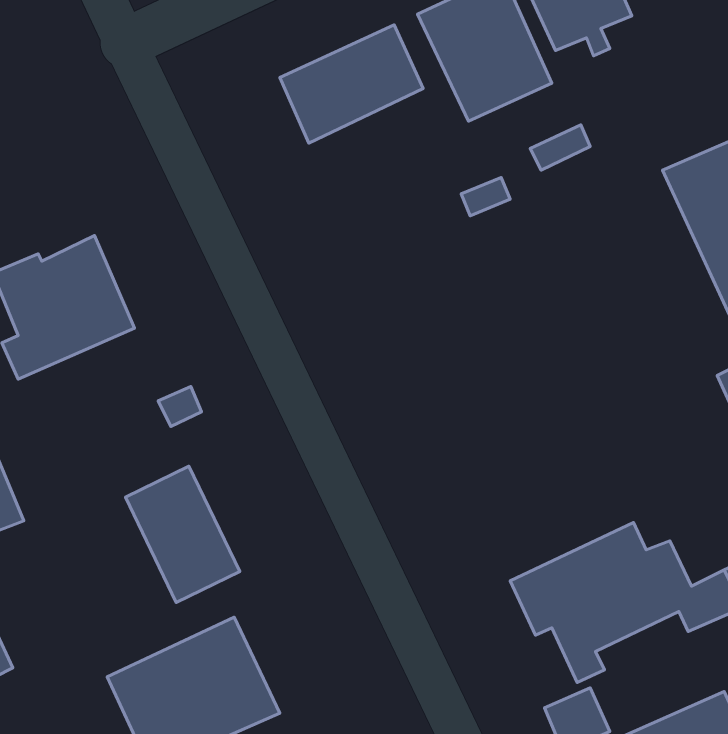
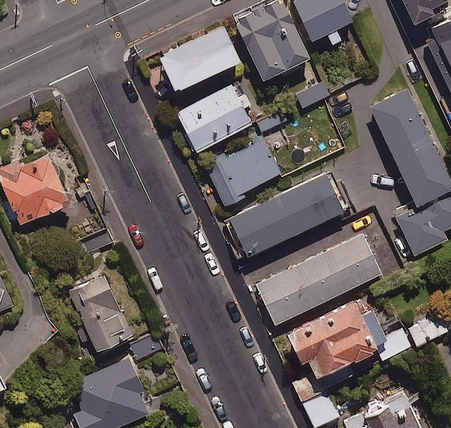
building: none -> [175,85,250,152]
building: none -> [208,139,281,206]
building: none -> [229,171,350,257]
building: none -> [256,234,381,324]

